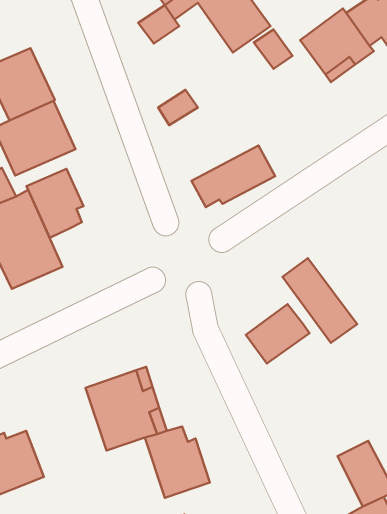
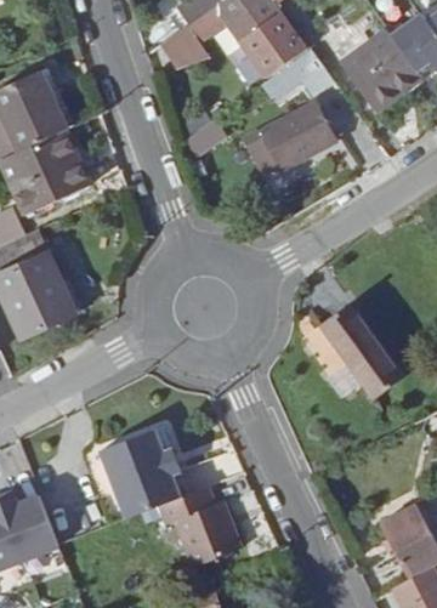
building: [192,145,275,207] -> [245,107,337,175]
building: [27,169,84,238] -> none
building: [246,304,310,363] -> none

